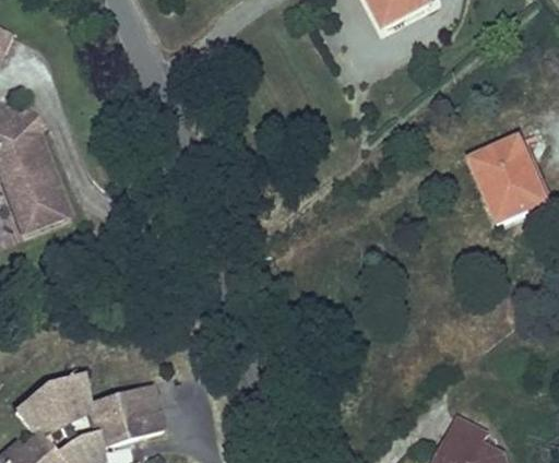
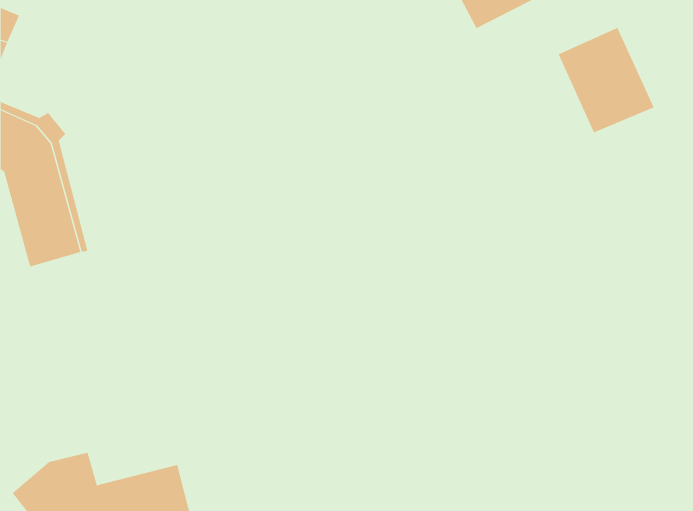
building: [469,143,547,228] -> [558,27,655,133]

